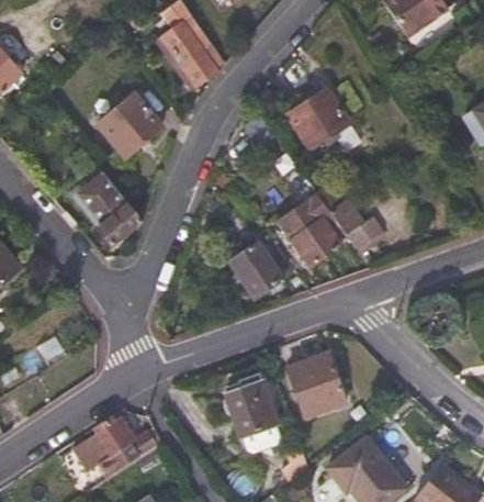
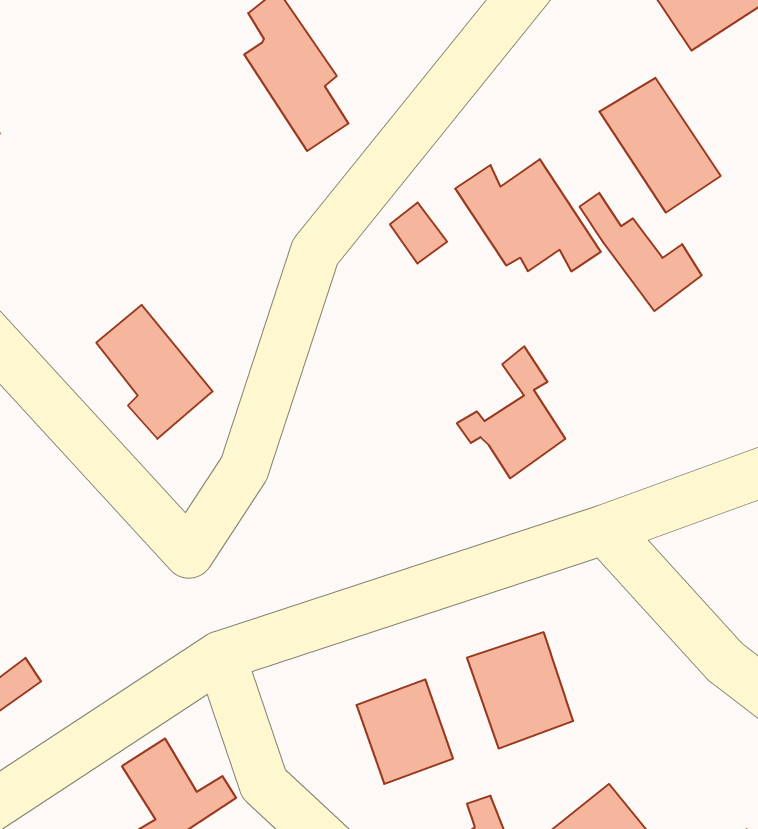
building: none -> [599,78,721,213]
building: [98,93,161,157] -> none
building: [316,188,384,254] -> [580,193,702,311]
building: [227,243,292,301] -> none

